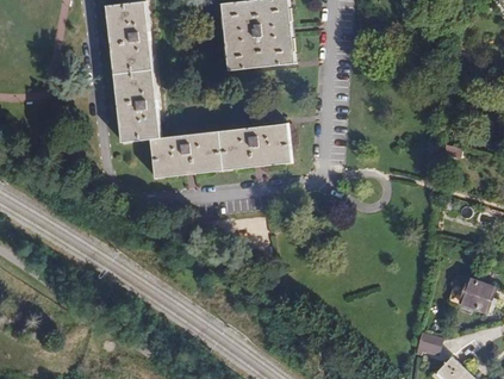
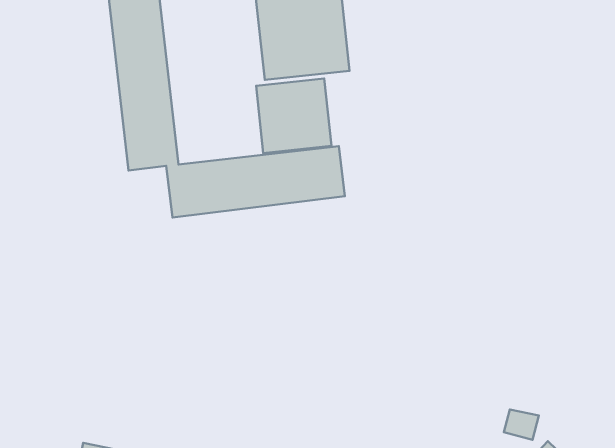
building: none -> [256,79,331,153]
building: [455,278,494,315] -> none

